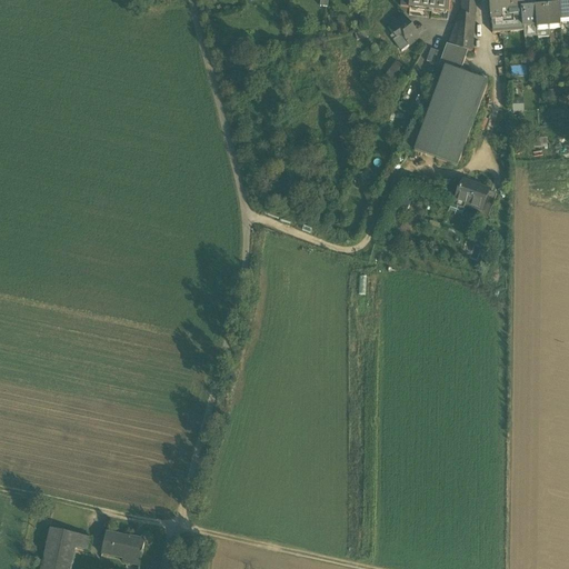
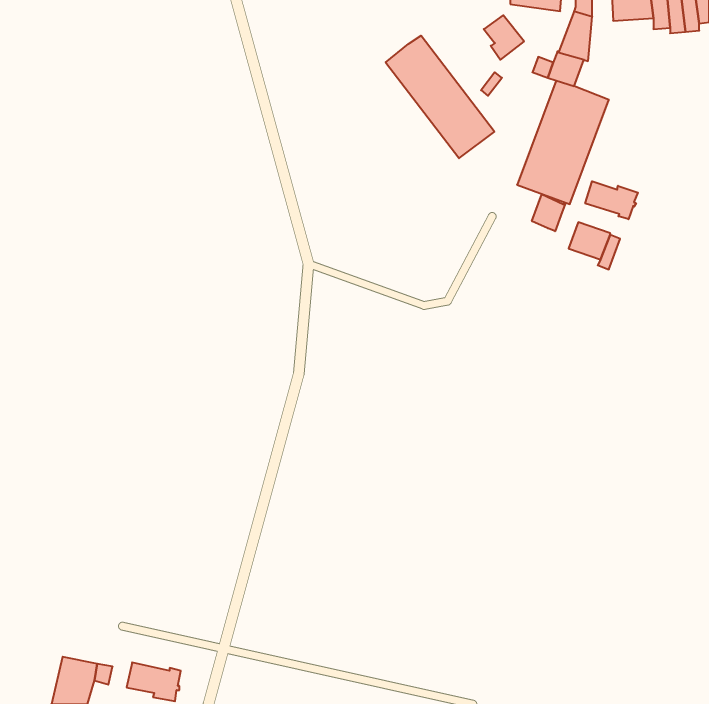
building: none -> [386,36,494,158]
building: none -> [585,181,638,219]
building: none -> [532,194,565,231]

